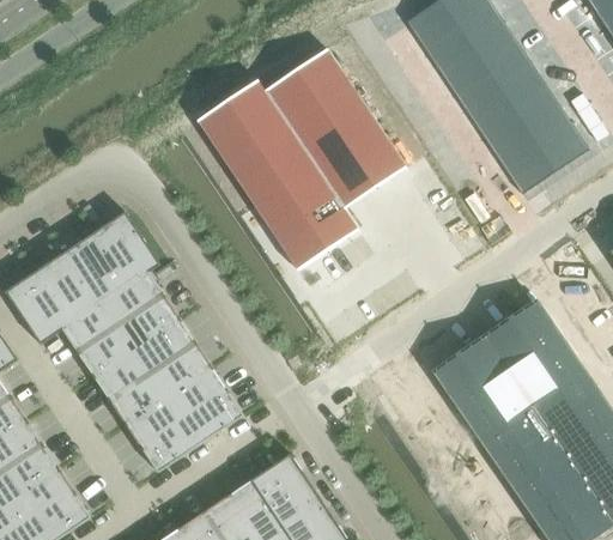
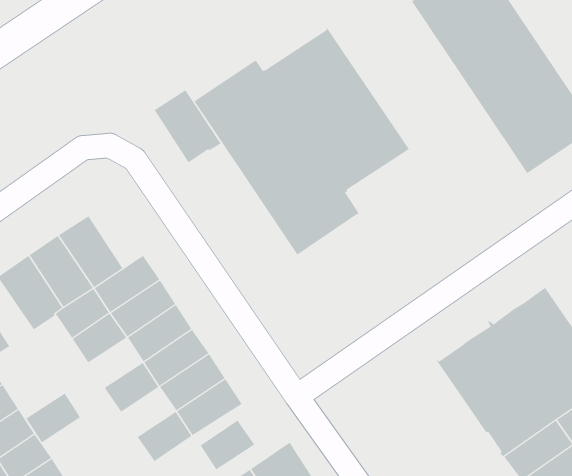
building: [95,212,160,284] -> [154,89,221,163]
building: [93,351,147,400] -> [26,393,81,443]
building: [126,399,180,448] -> [200,420,255,470]

